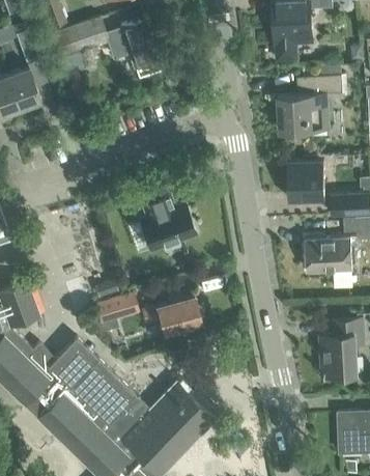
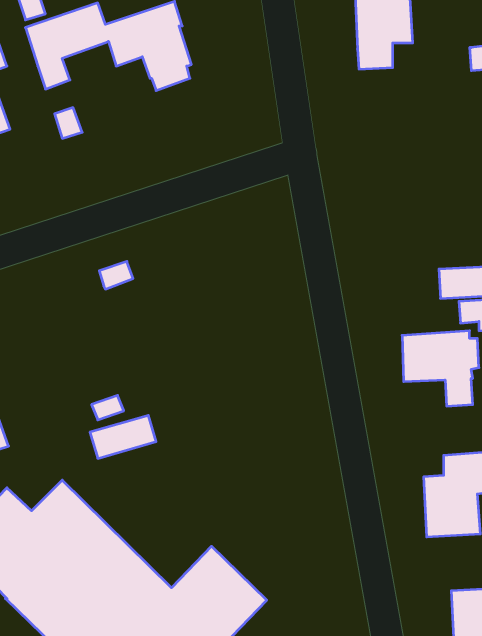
building: [278,76,342,133] -> none
building: [289,162,324,200] -> none
building: [137,183,195,250] -> none
building: [144,292,204,334] -> none

